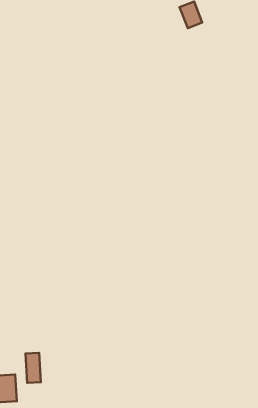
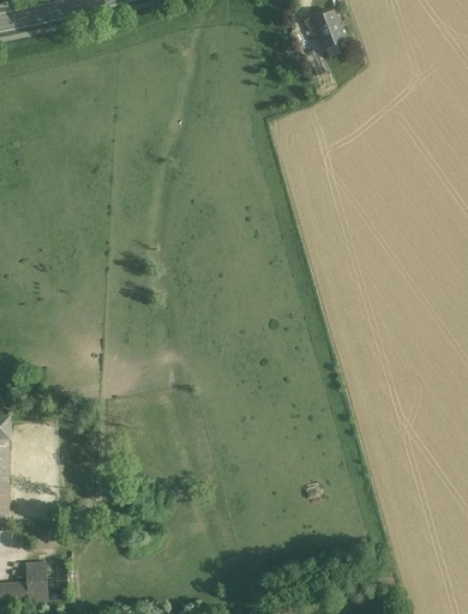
building: [25,353,41,383] -> none

